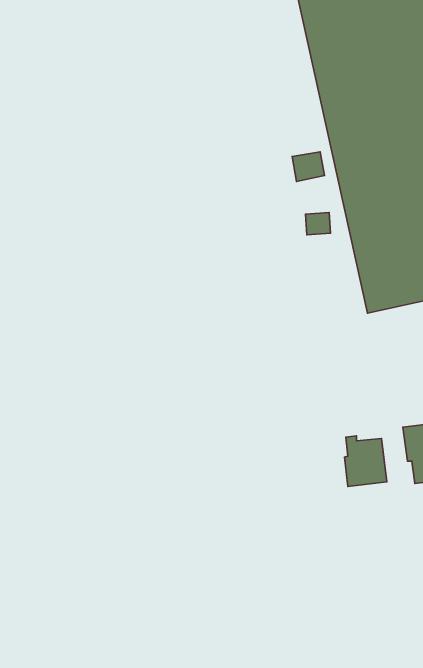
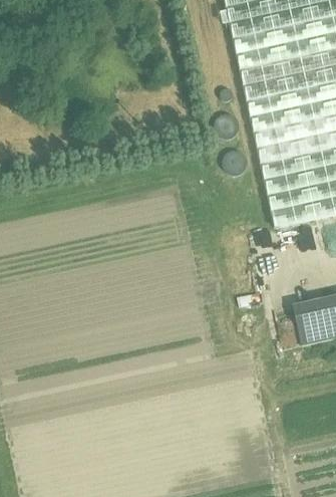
building: [345,436,387,487] -> none

